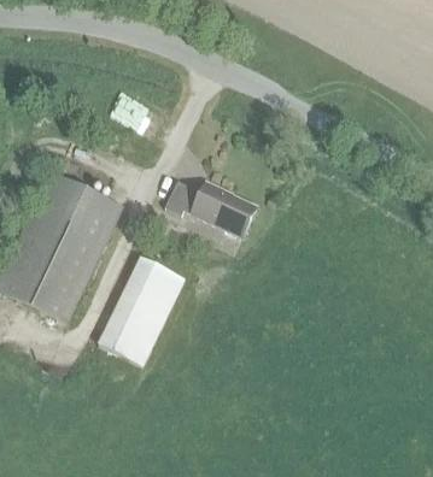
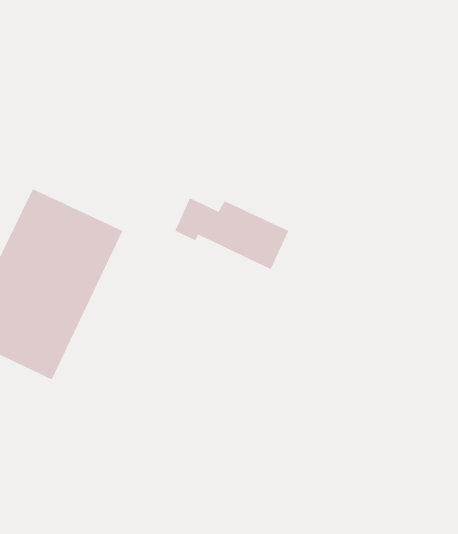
building: [96,255,185,365] -> none

